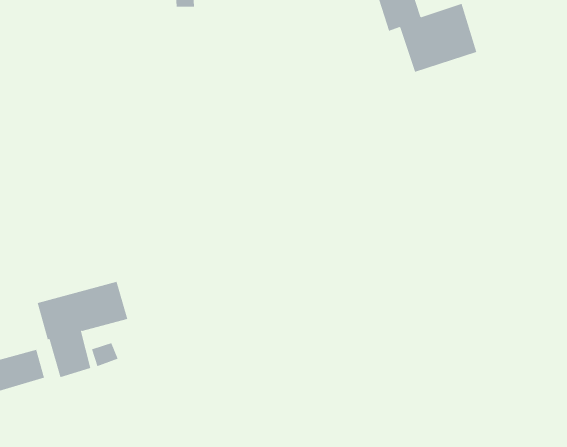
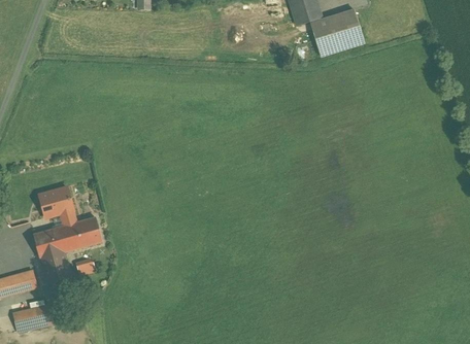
building: none -> [36,183,72,218]
building: none -> [21,302,53,328]

